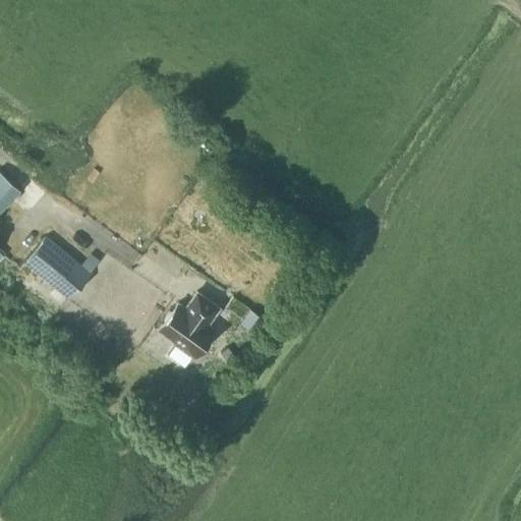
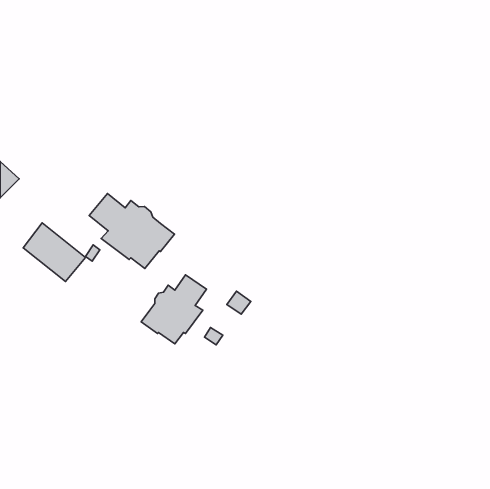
building: none -> [89,193,175,268]

